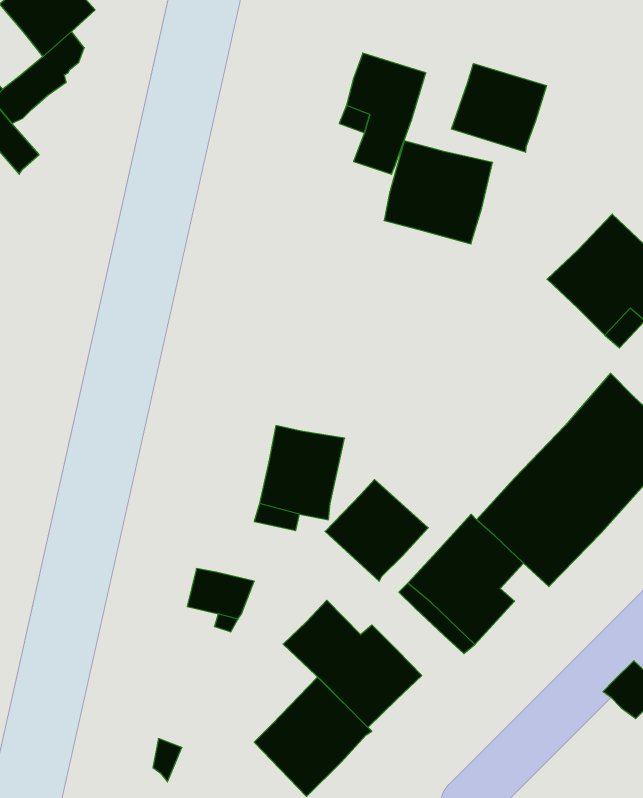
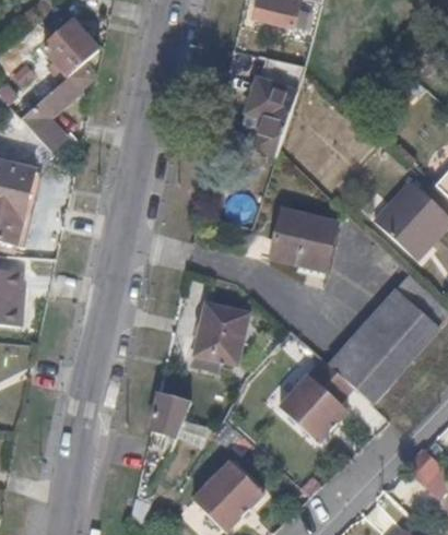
building: [452,64,546,152] -> none
building: [384,141,493,244] -> [272,210,338,272]
building: [325,480,428,581] -> none
building: [283,600,422,727] -> none

